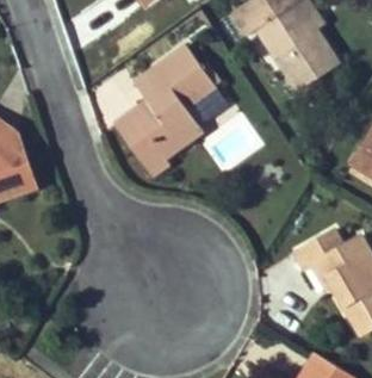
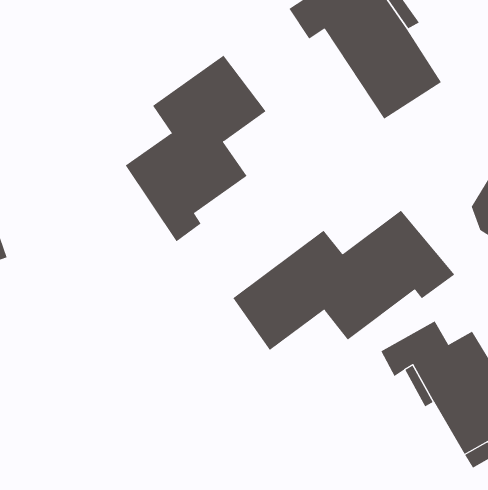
building: none -> [233,210,455,351]

